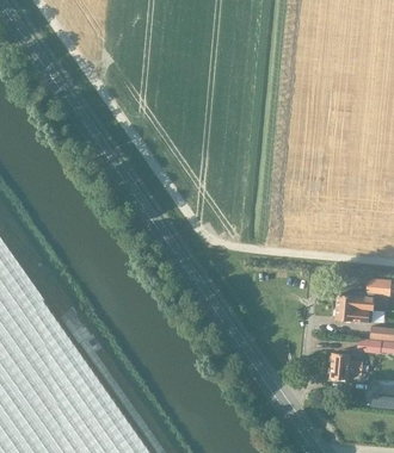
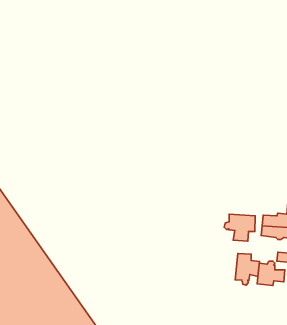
building: none -> [224,214,255,241]
building: none -> [235,254,259,285]

